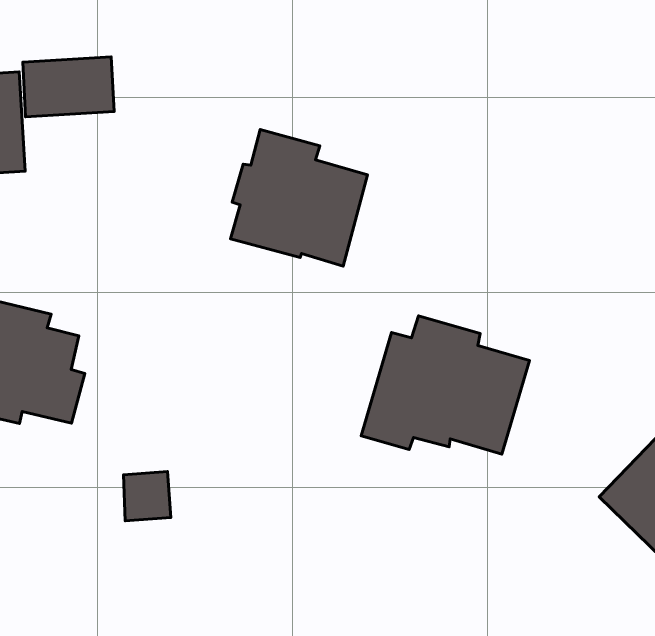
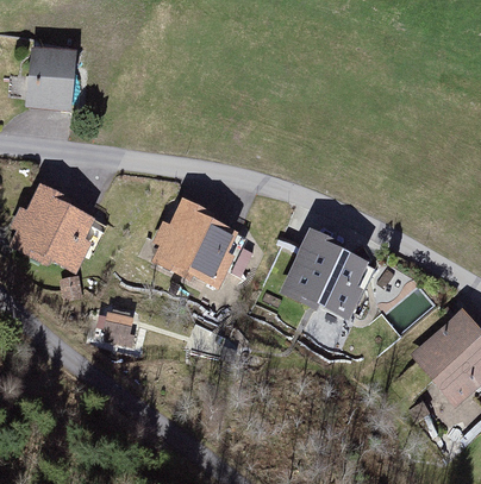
building: [23,57,114,117] -> none
building: [231,130,367,266] -> [154,197,243,288]

